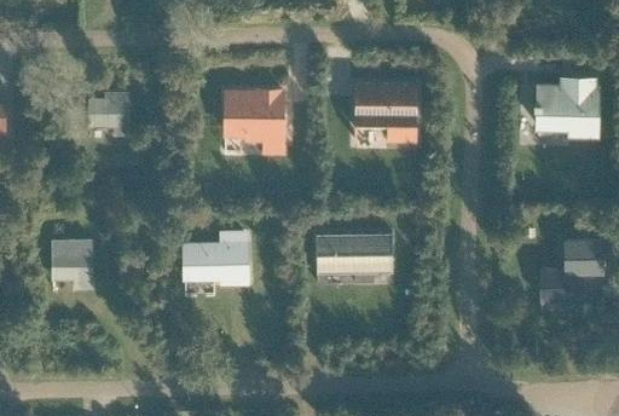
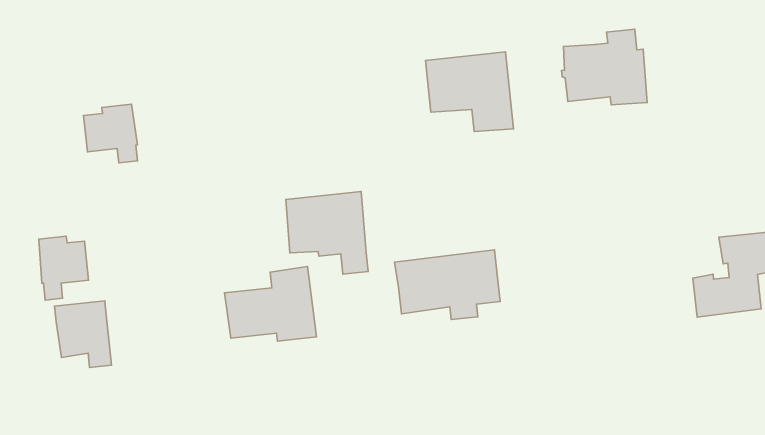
building: [533,79,597,135] -> [561,29,647,105]
building: [224,92,283,154] -> [286,191,368,274]
building: none -> [39,236,89,300]

